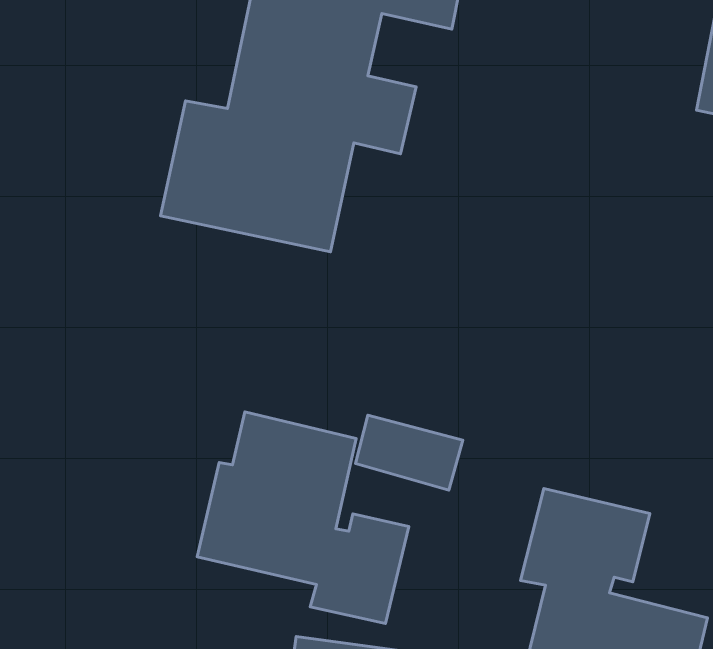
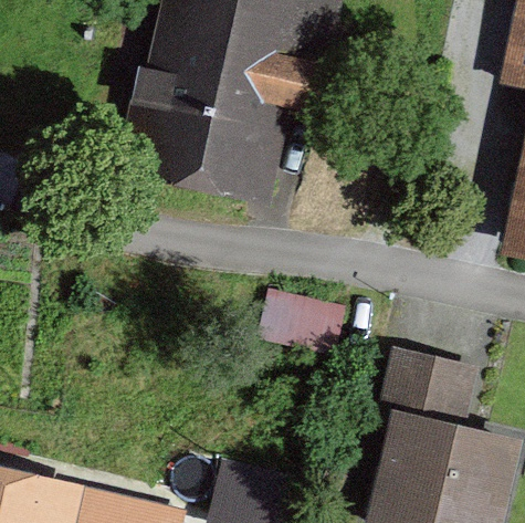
building: [197,412,409,623] -> none

